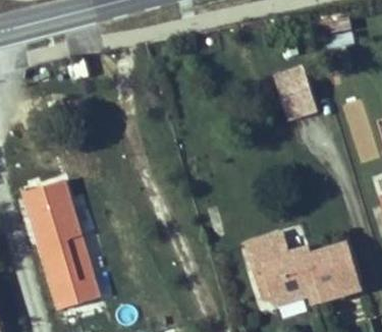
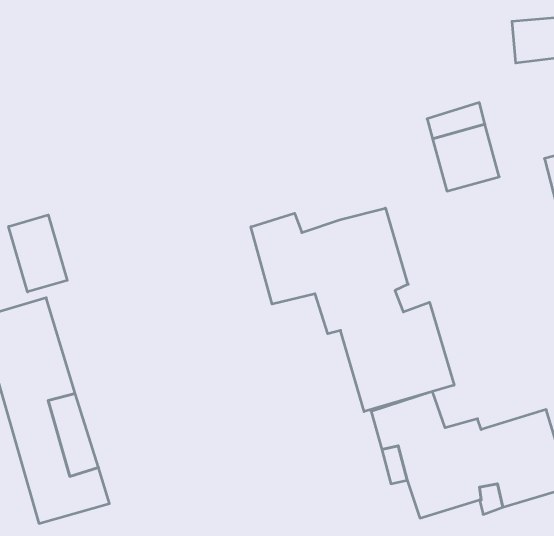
building: none -> [251,208,454,412]
building: none -> [9,215,67,292]

